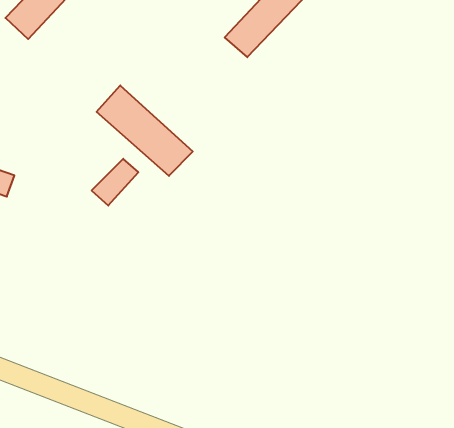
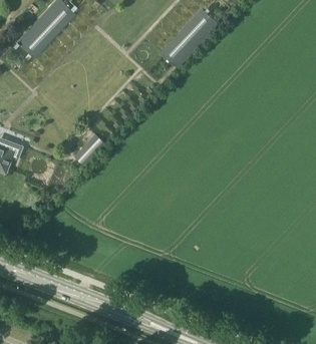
building: [97,85,193,176] -> none

